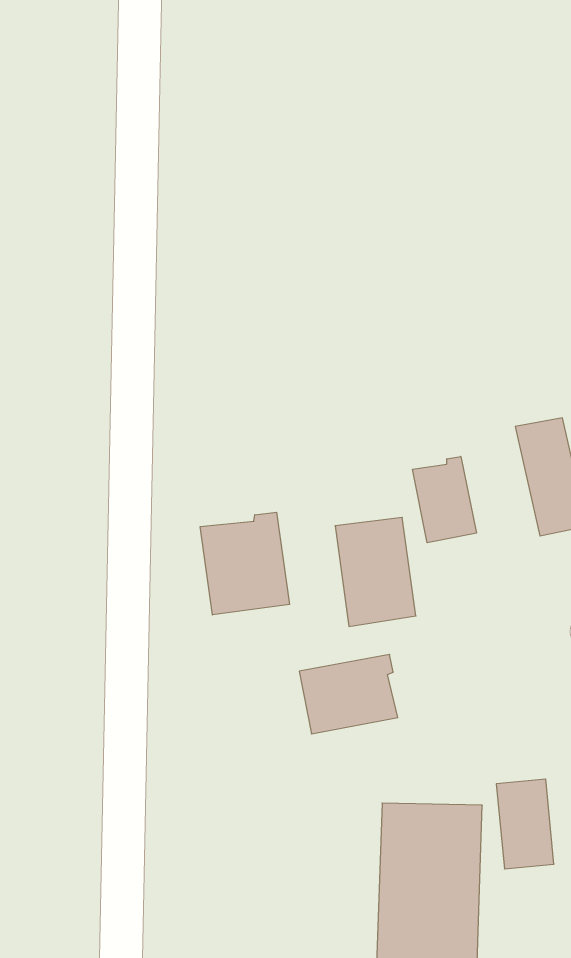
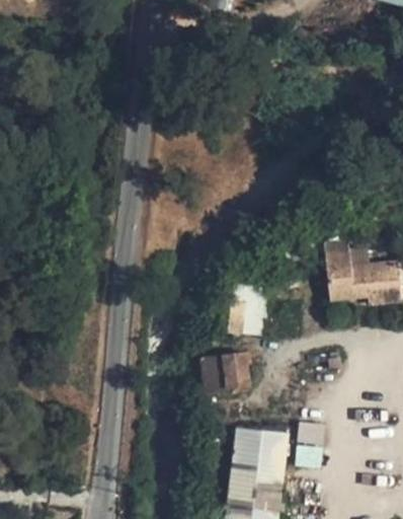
building: [413,456,476,543] -> none
building: [200,512,290,615] -> none

